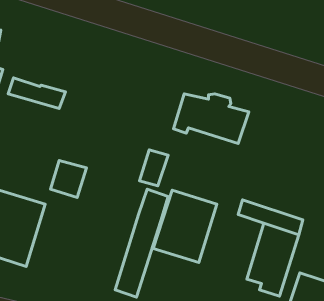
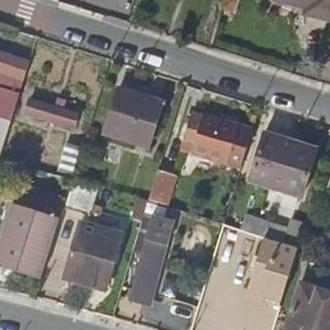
building: none -> [102,89,160,146]
building: none -> [248,134,313,197]
building: [153,190,217,262] -> [61,221,121,289]

